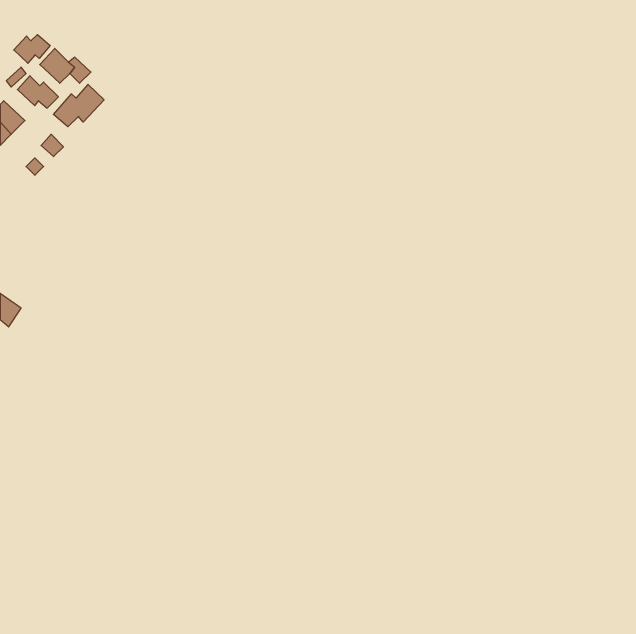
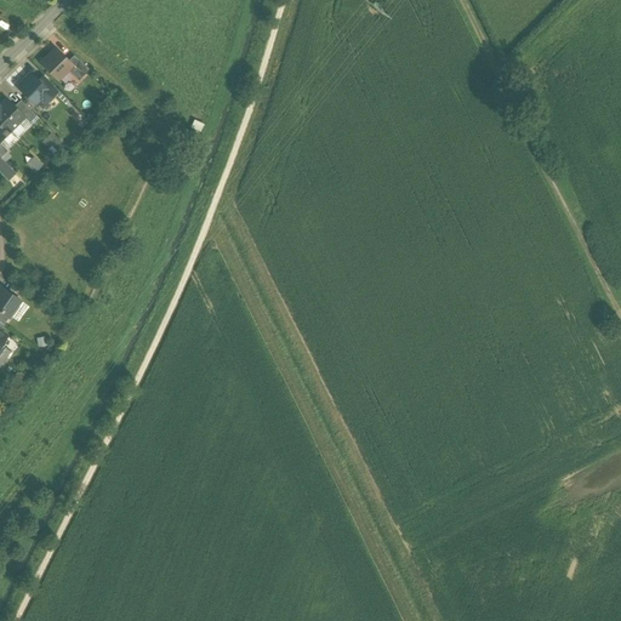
building: [14,35,50,63] -> none
building: [53,84,104,127] -> none

